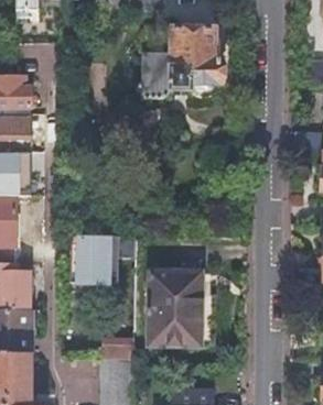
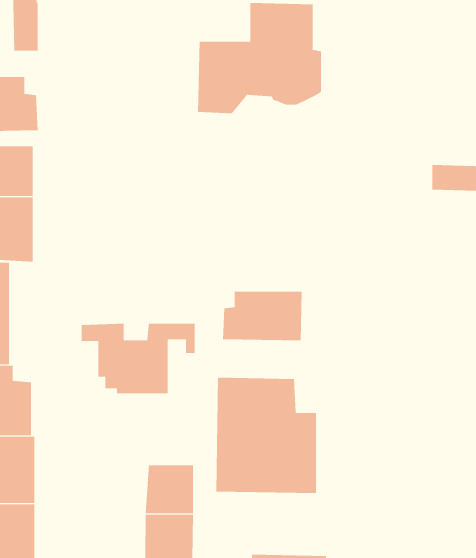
building: none -> [222,291,302,341]

